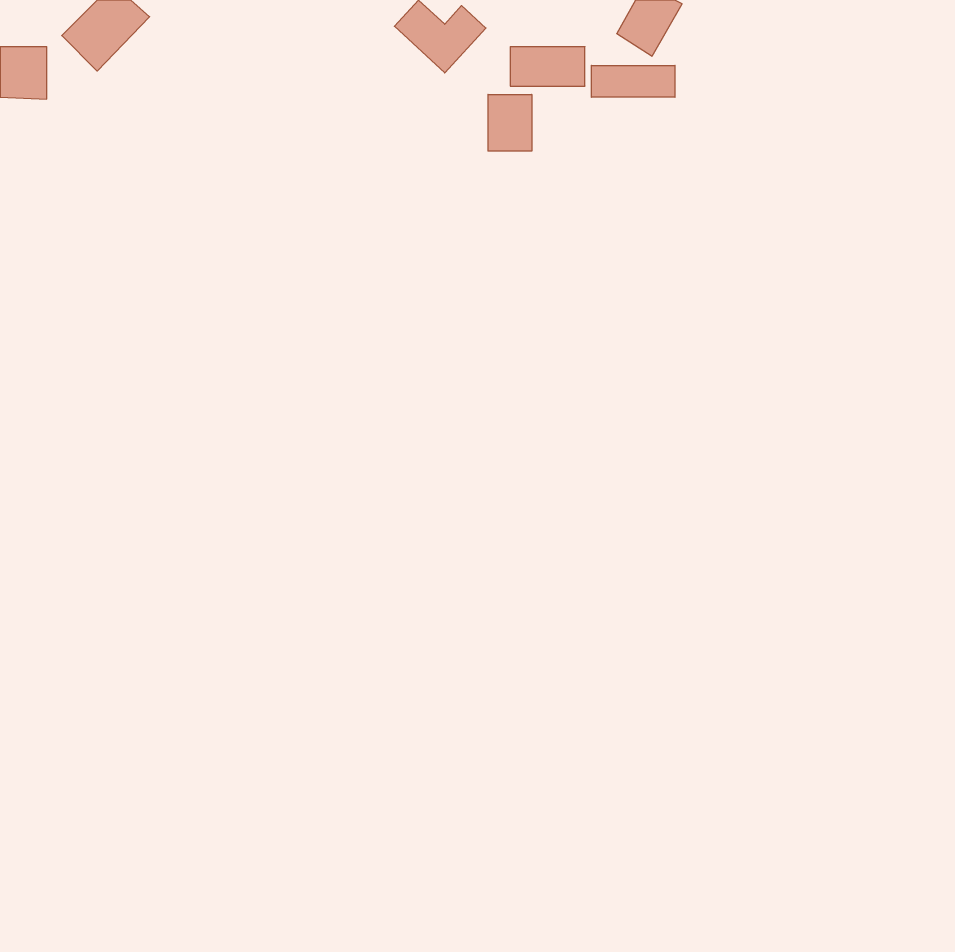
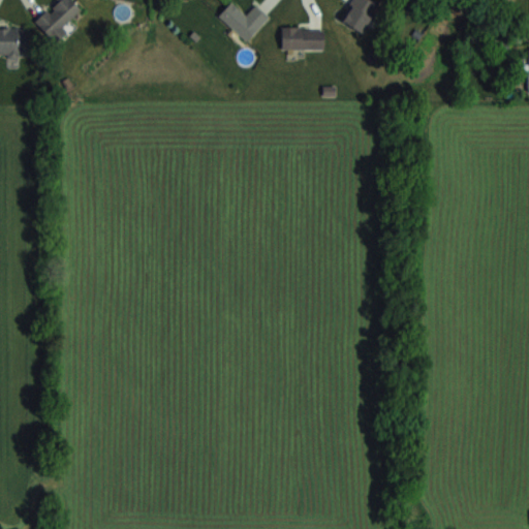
building: [591,65,675,97] -> none
building: [488,94,532,151] -> none

